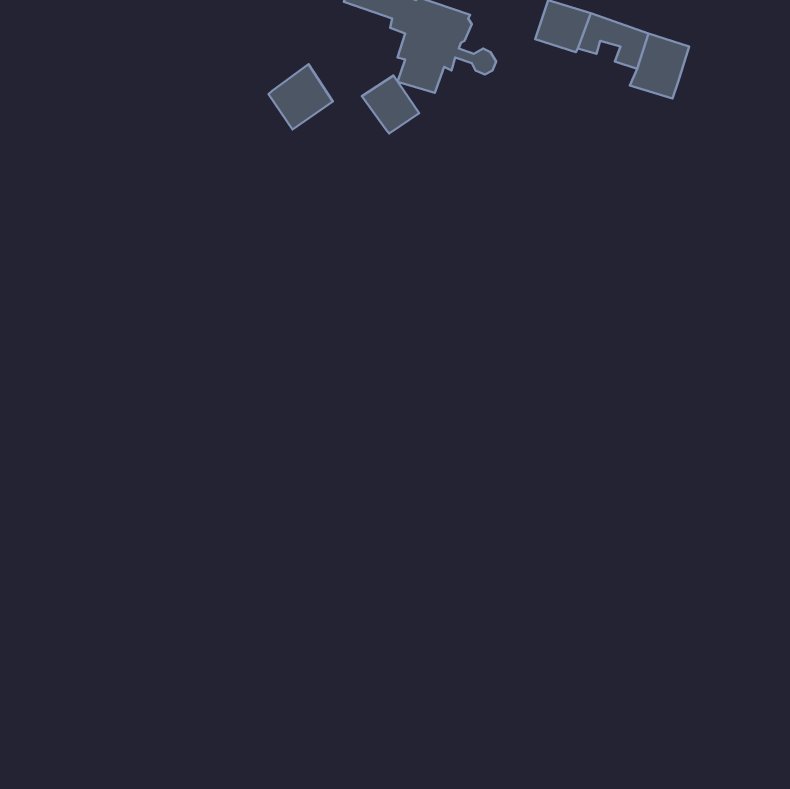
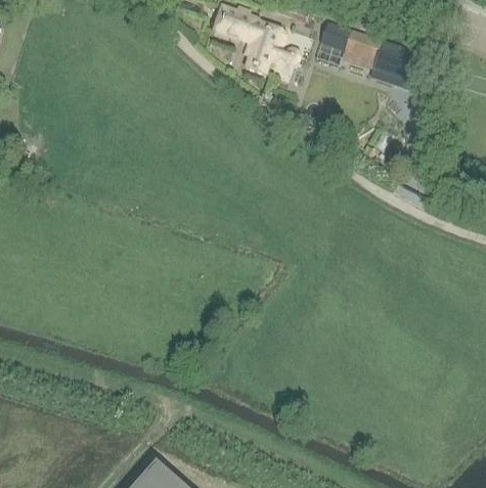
building: [268,64,333,129] -> none
building: [362,76,419,133] -> none

